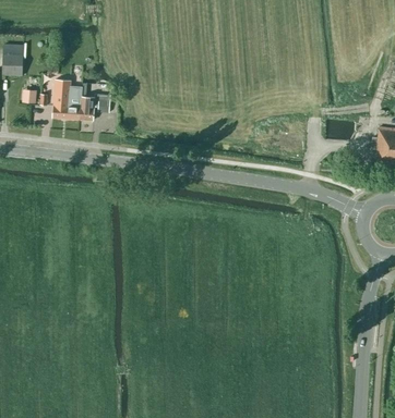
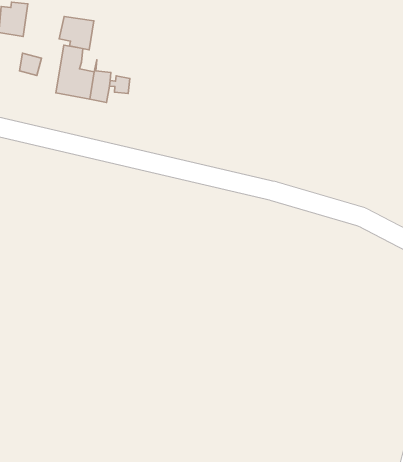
building: none -> [59,16,94,50]

